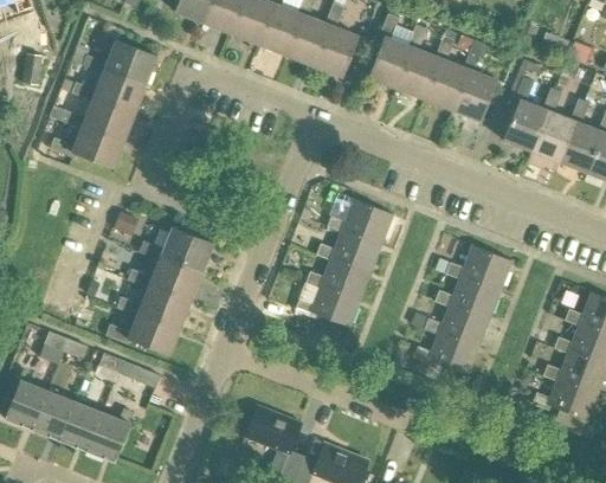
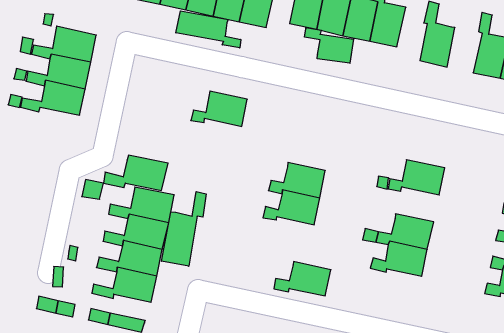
building: none -> [176,11,241,48]
building: none -> [305,27,354,63]
building: [531,88,575,162] -> none
building: [51,124,124,168] -> [104,155,168,190]
building: [327,199,392,243] -> [191,91,247,126]
building: none -> [162,192,206,266]
building: [434,273,501,317] -> none
building: [295,284,360,327] -> [274,262,331,296]

